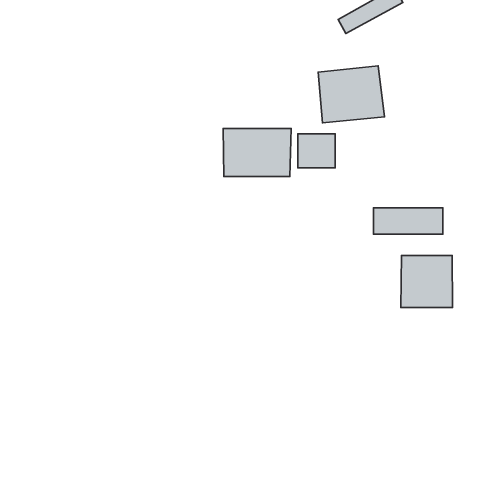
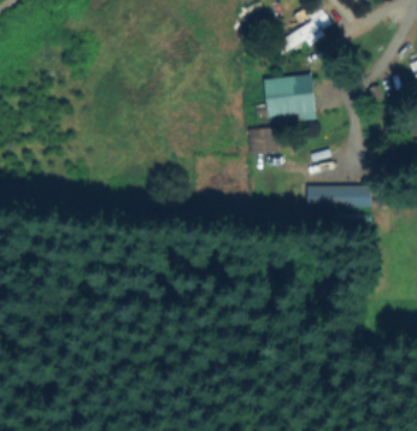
building: [223,128,291,177] -> none
building: [401,256,453,308] -> none

